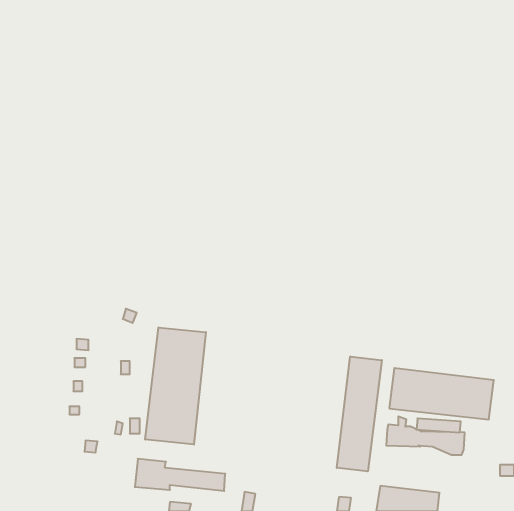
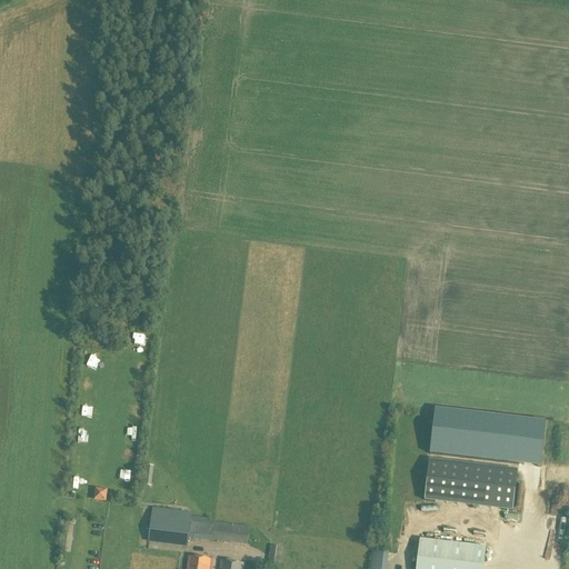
building: [145,327,206,445] -> none
building: [337,356,382,471] -> none

